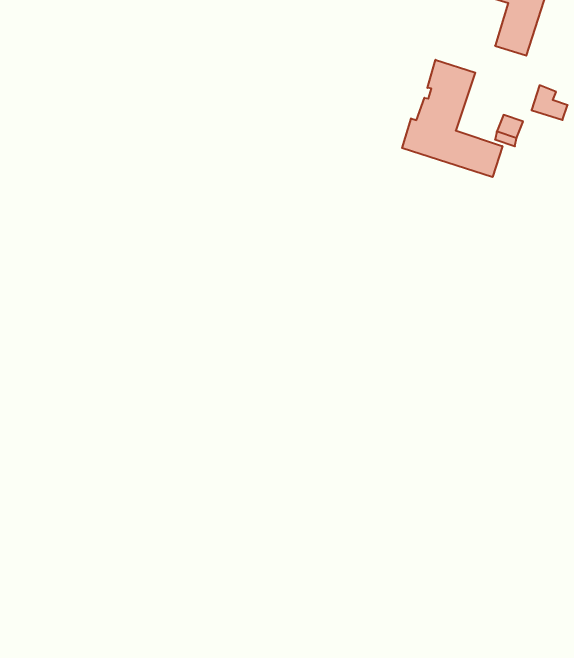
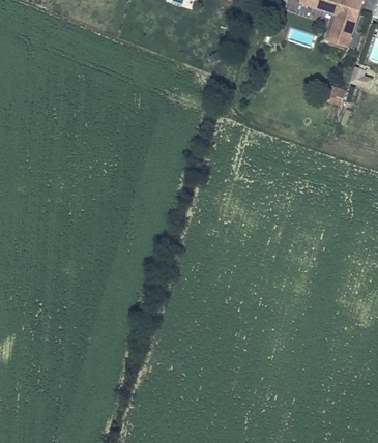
building: [402,60,502,177] -> none

